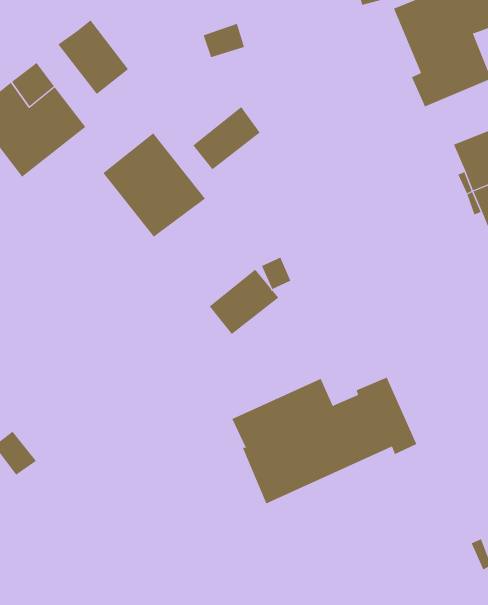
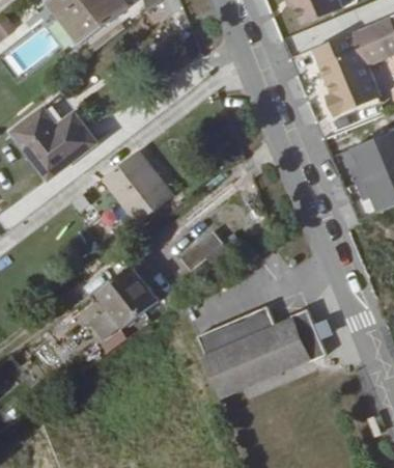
building: [58,20,129,95] -> none
building: [192,106,260,170] -> none
building: none -> [89,272,158,345]

